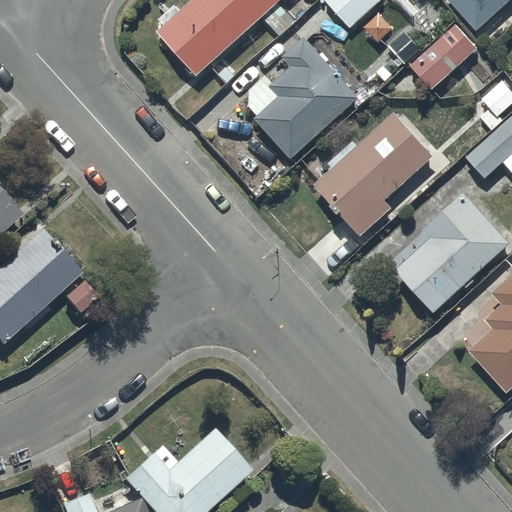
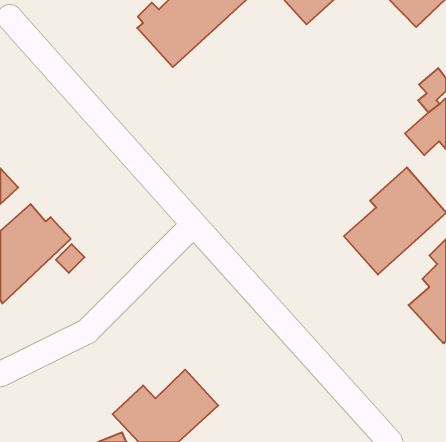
building: [409,20,480,90] -> none
building: [250,37,360,159] -> none
building: [314,113,435,236] -> none

